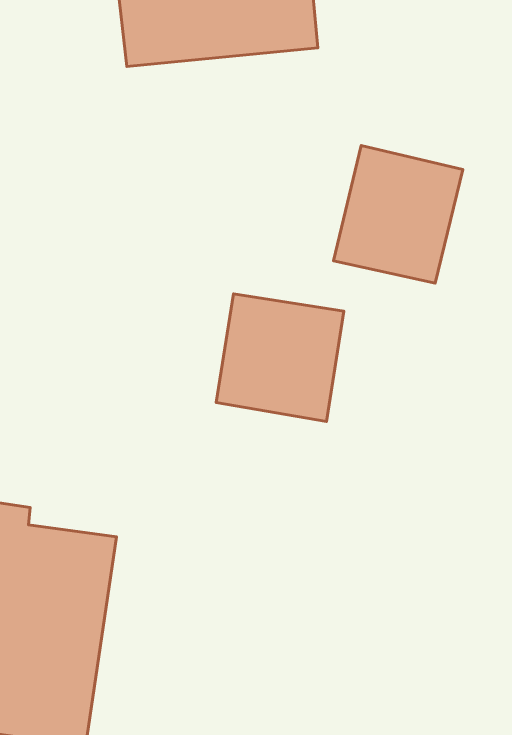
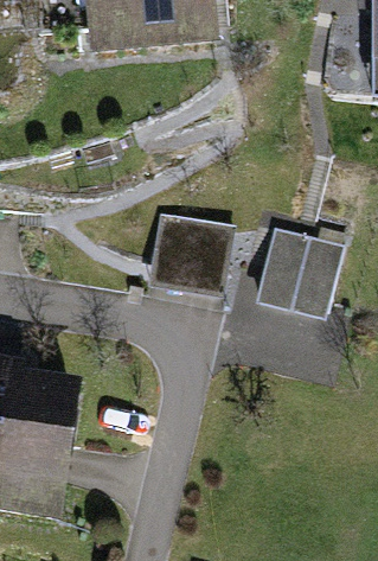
building: [334,145,463,283] -> [256,221,345,315]

